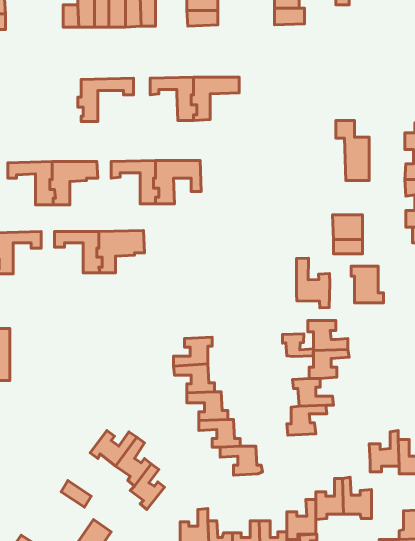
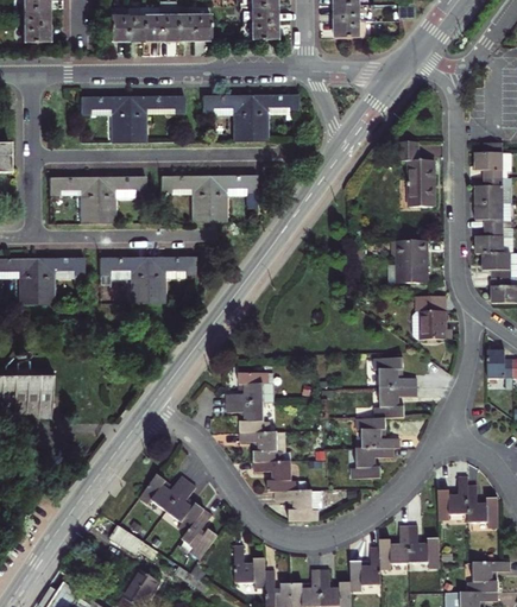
building: none -> [80,96,131,141]
building: [297,258,330,308] -> none
building: [282,334,313,356] -> none

